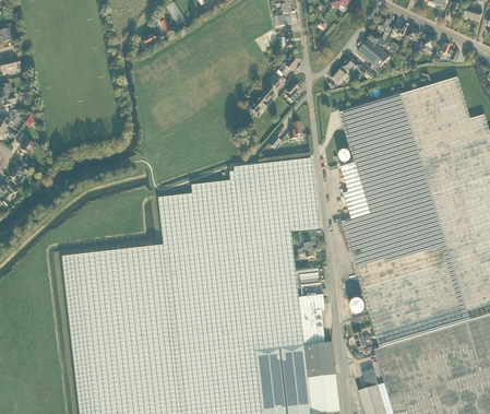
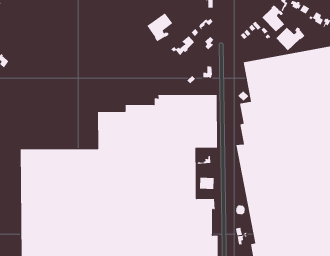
building: none -> [276,27,305,51]
building: none -> [146,13,173,42]

